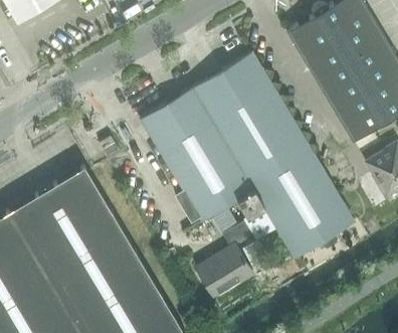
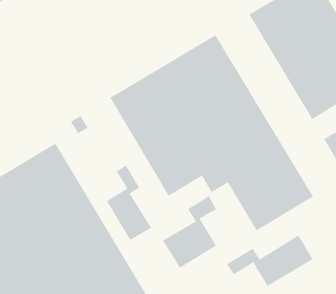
building: none -> [106,165,152,241]
building: none -> [226,235,313,287]

